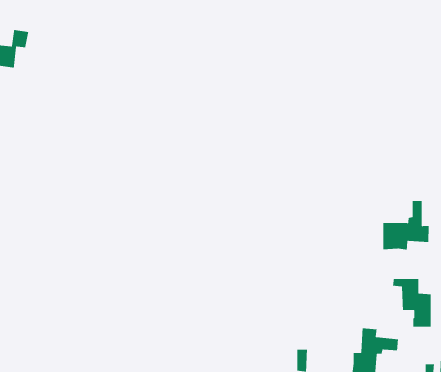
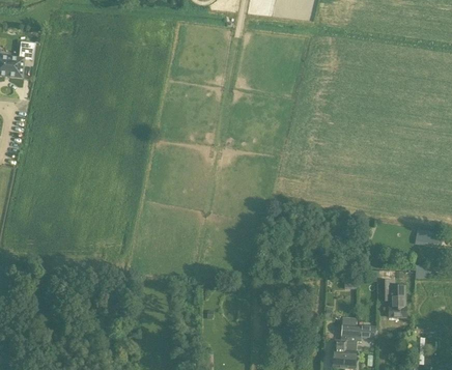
building: [383,200,429,250] -> none

